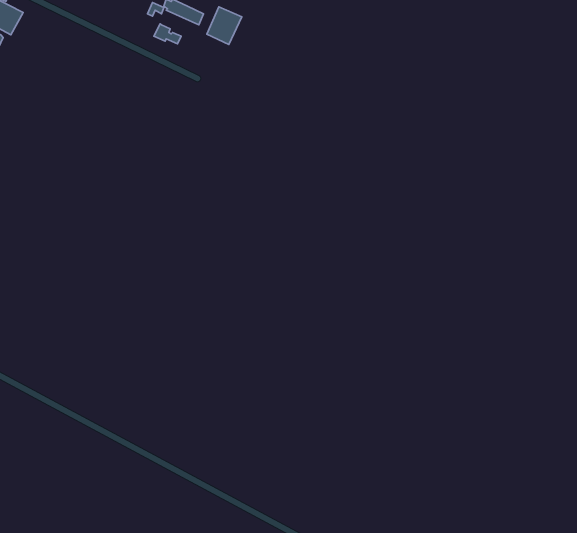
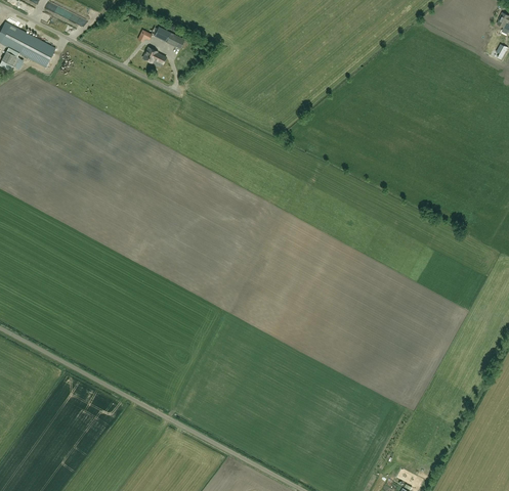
building: [207,7,242,45] -> none

